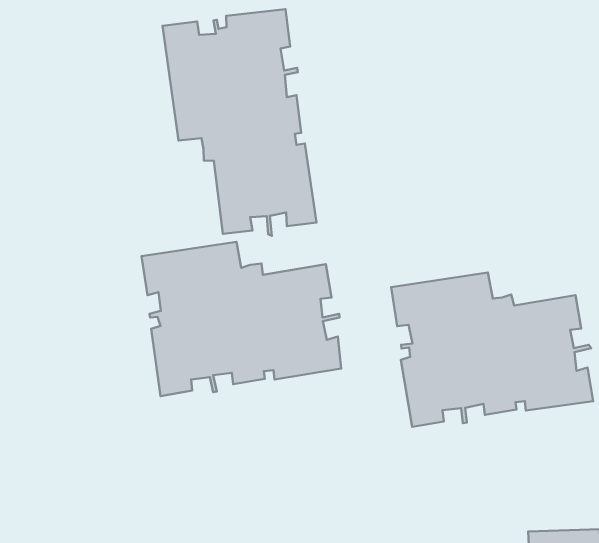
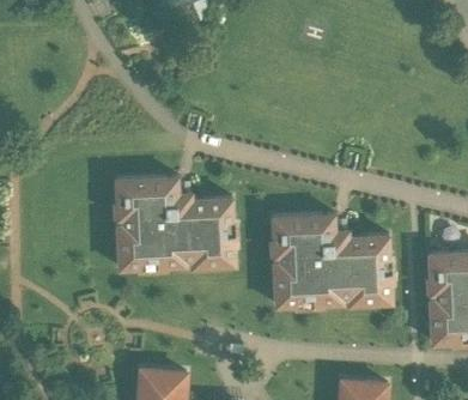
building: [163,9,316,236] -> none

